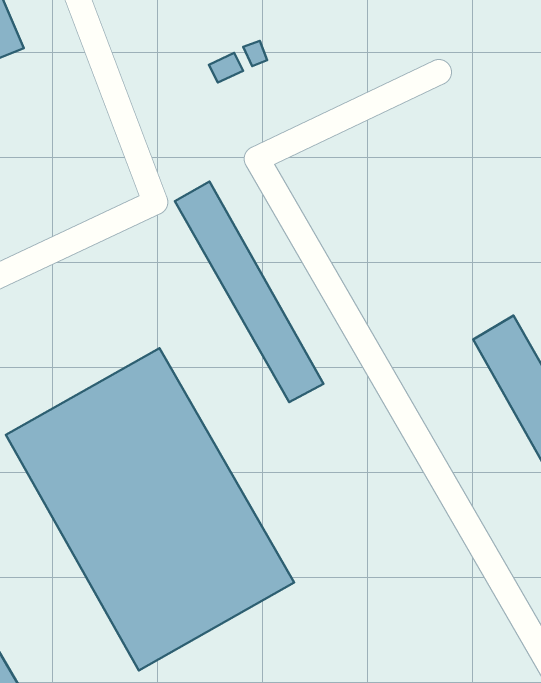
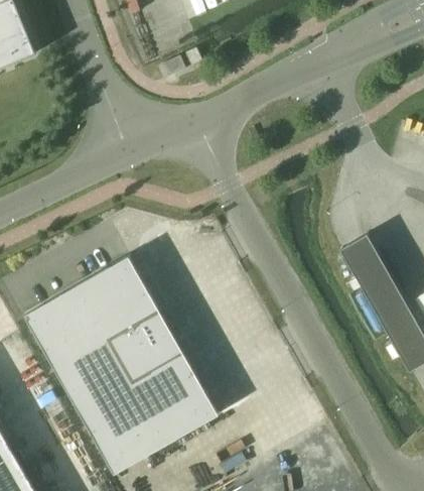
building: [175,182,324,402] -> none

